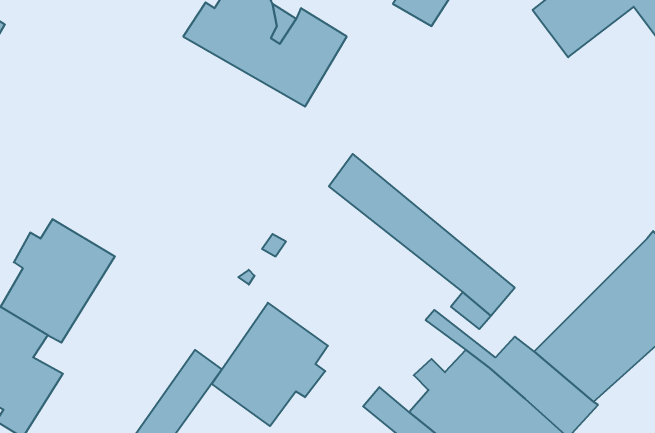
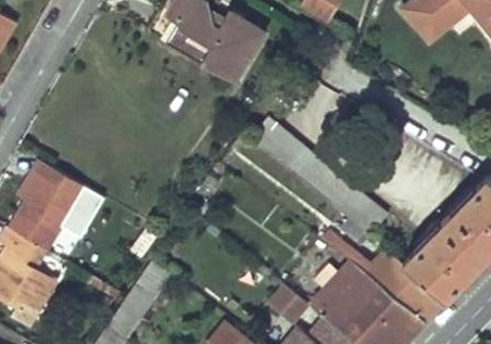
building: [212,303,328,426] -> none

